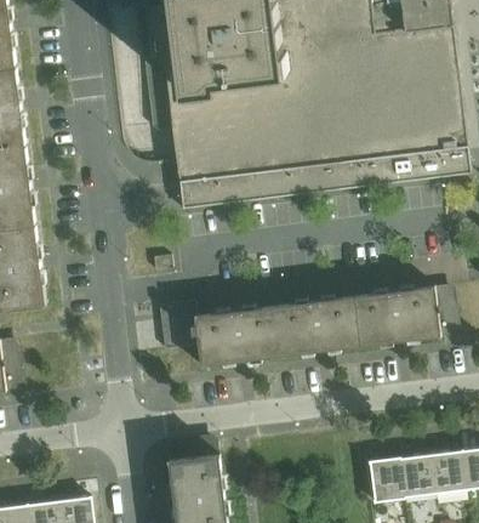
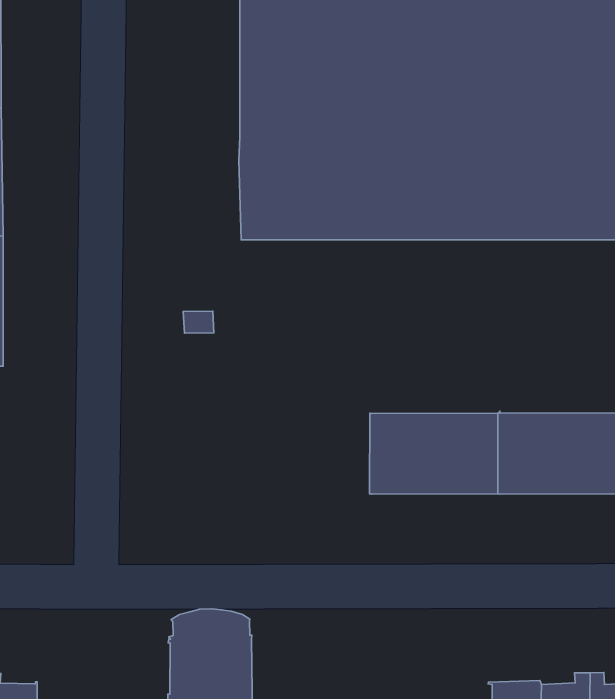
building: [156,300,279,366] -> none

